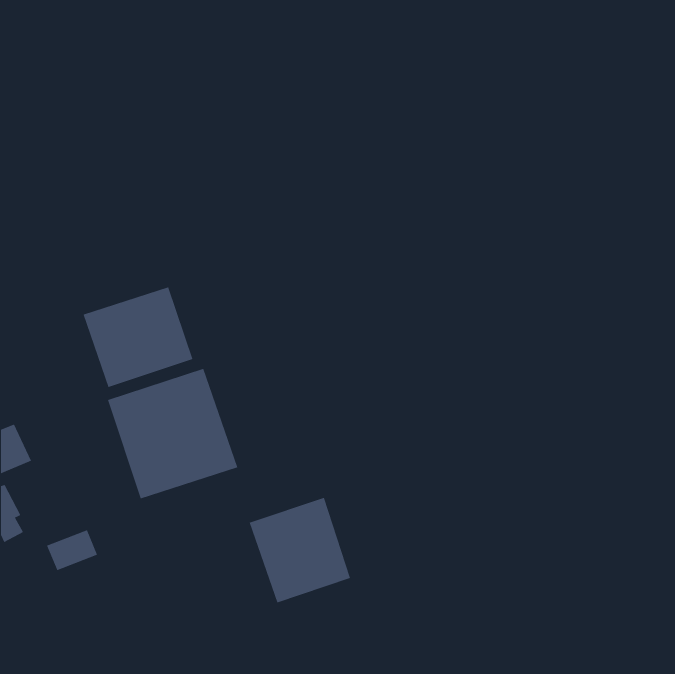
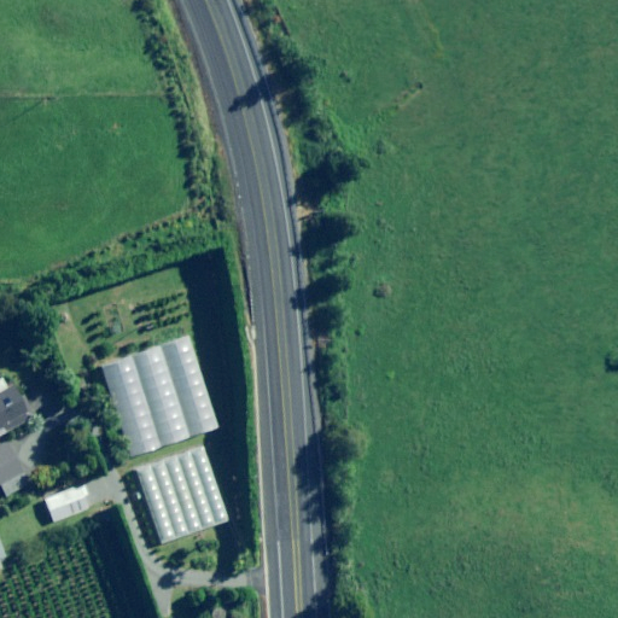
building: [83,286,193,388] -> none
building: [249,497,351,603] -> [135,445,228,542]

